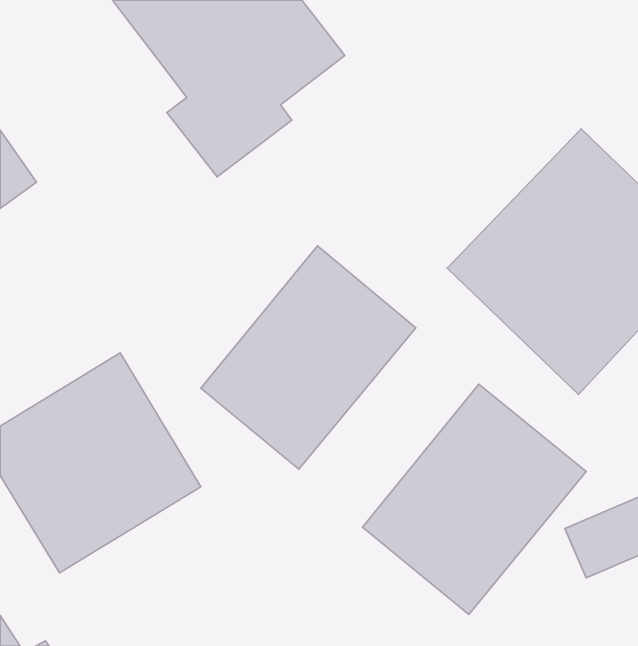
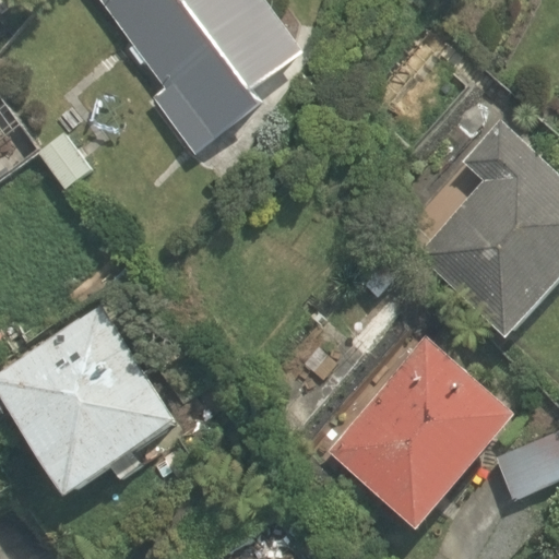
building: [201,246,416,469] -> none

